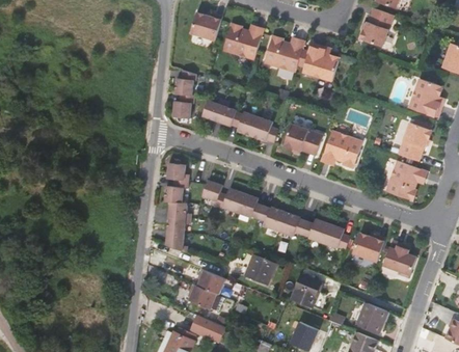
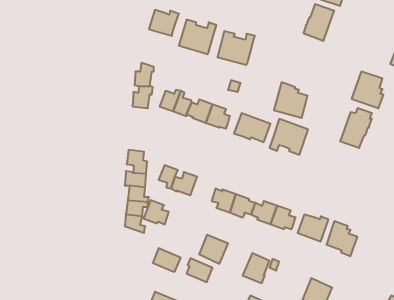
building: [303,43,340,81] -> [274,82,308,118]
building: [385,161,428,201] -> none
building: [236,192,263,218] -> [144,200,169,224]
building: [189,283,217,309] -> [187,258,213,282]

